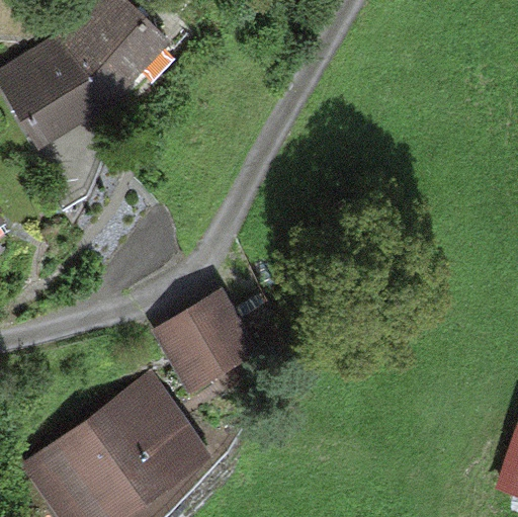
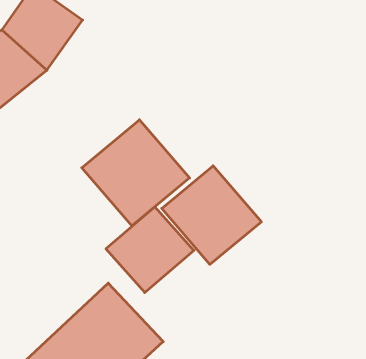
building: none -> [82,120,190,226]
building: none -> [162,166,261,264]

